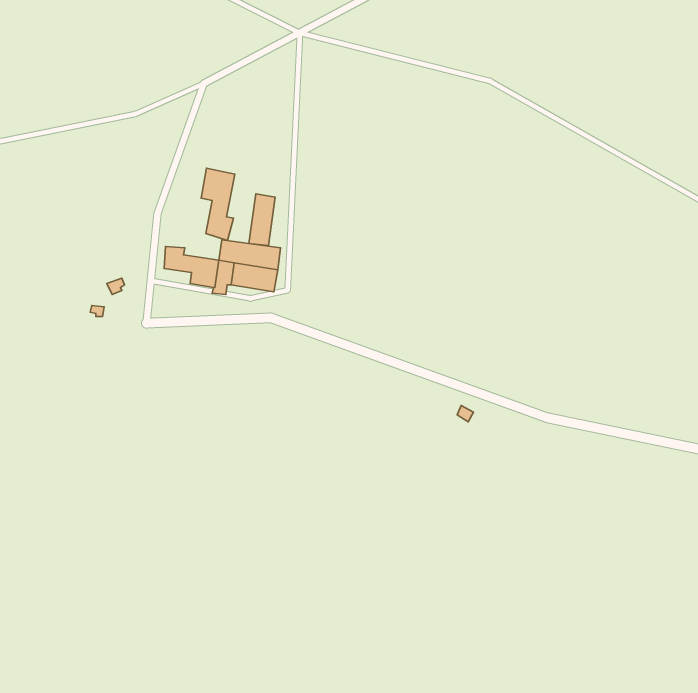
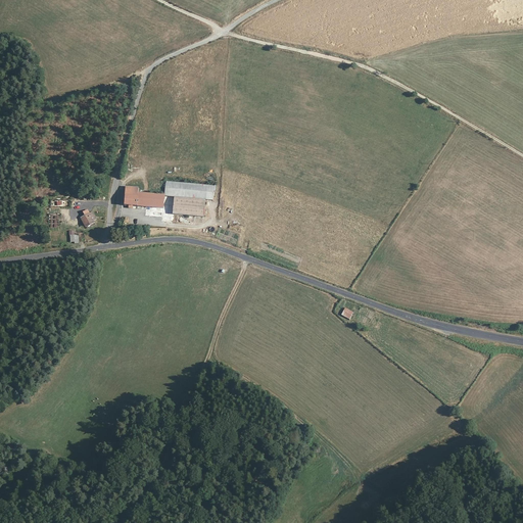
building: [201,168,235,240] -> none
building: [249,194,275,245] -> none

